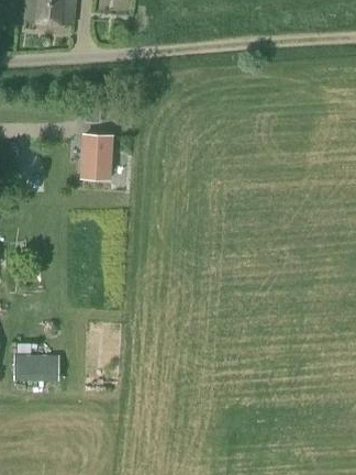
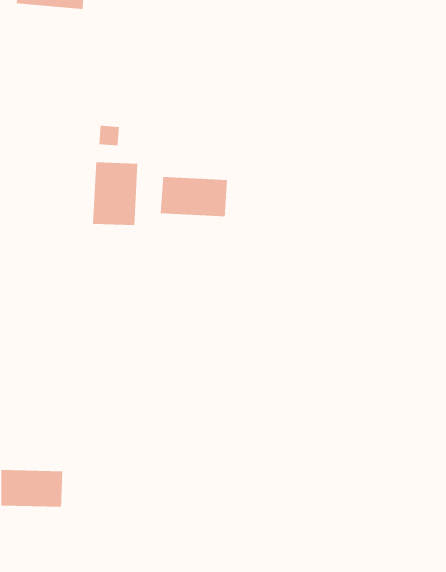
building: none -> [160,176,228,217]

